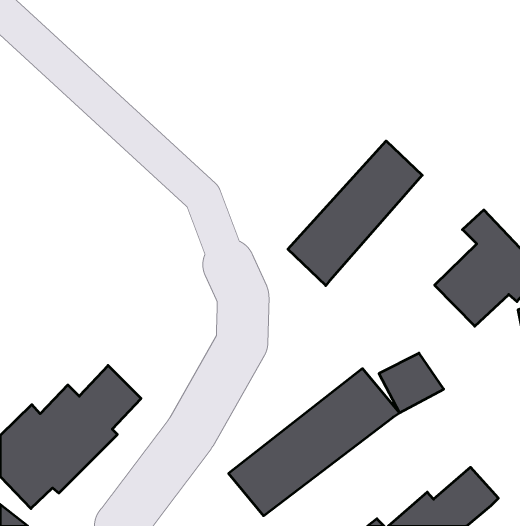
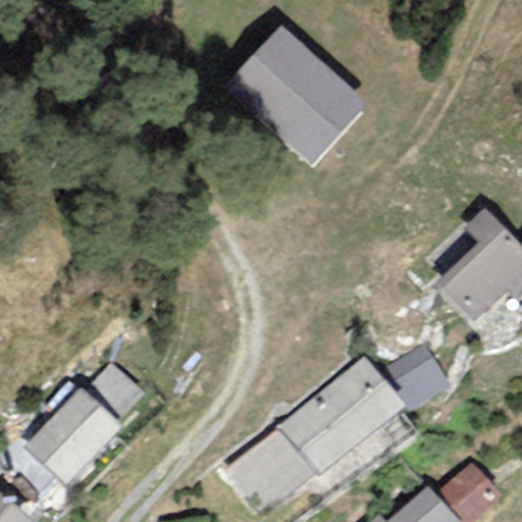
building: none -> [230,34,359,159]
building: [288,141,422,286] -> none

